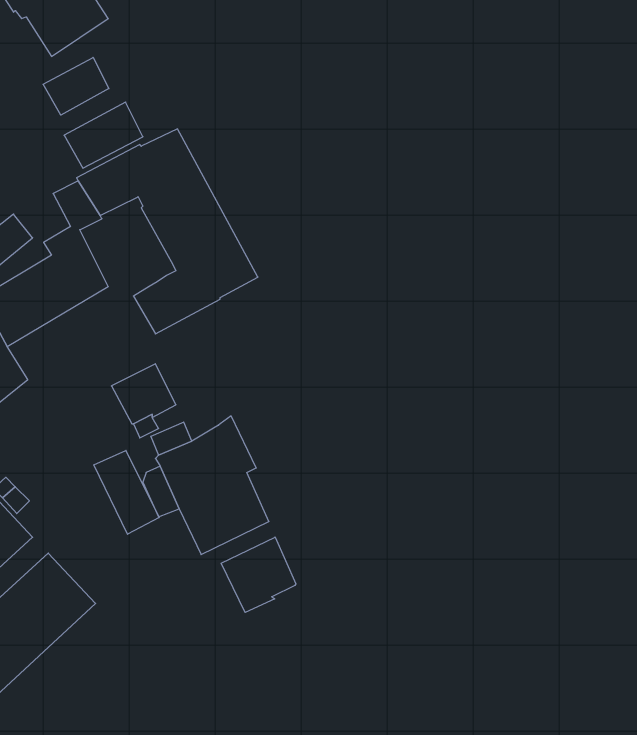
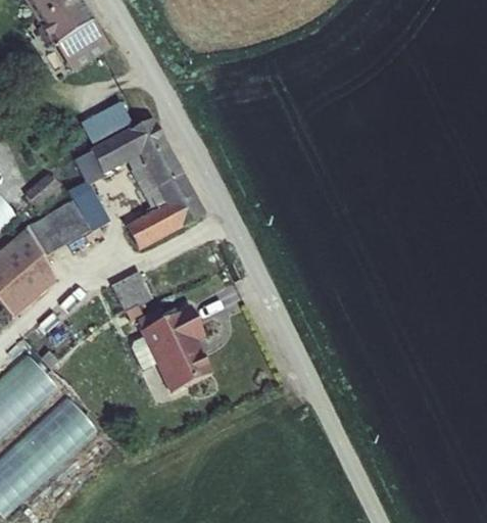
building: [43,57,109,115] -> none
building: [94,450,159,534] -> none
building: [221,537,296,612] -> none

